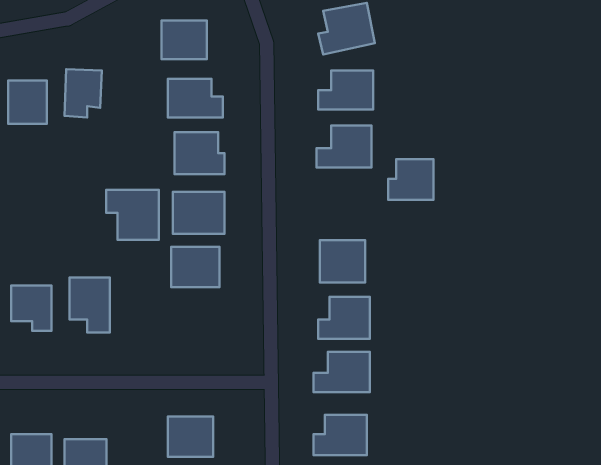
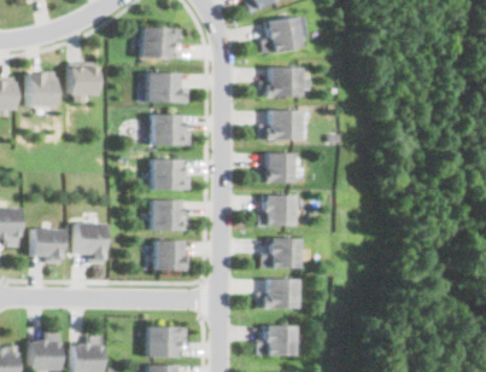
building: [388,159,433,200] -> [259,152,293,182]
building: [106,190,159,240] -> none
building: none -> [156,239,186,271]

